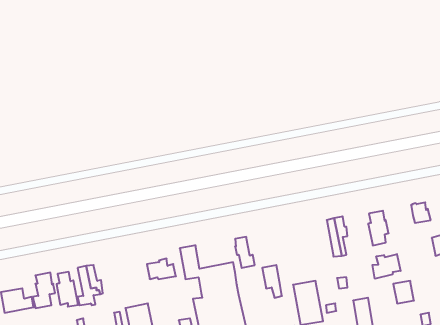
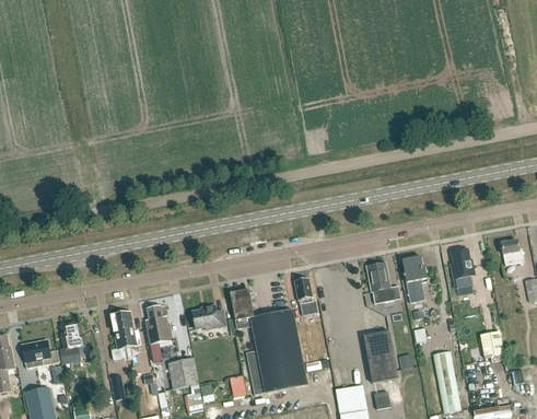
building: [372,254,401,279] -> none
building: [262,265,282,298] -> [369,263,392,301]
building: [57,272,78,307] -> [147,305,172,346]

